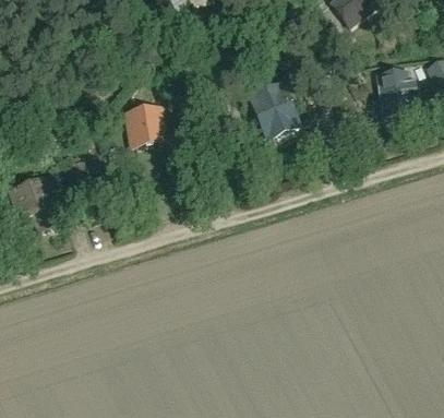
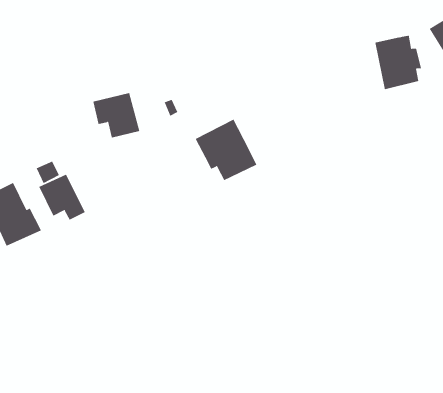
building: [245,80,299,134] -> [195,119,257,181]
building: none -> [38,174,85,221]

